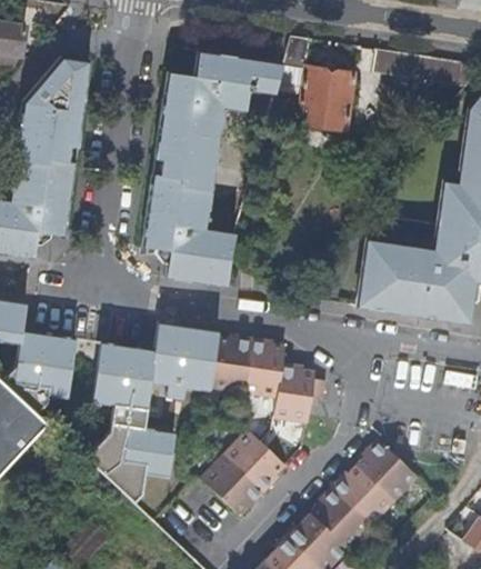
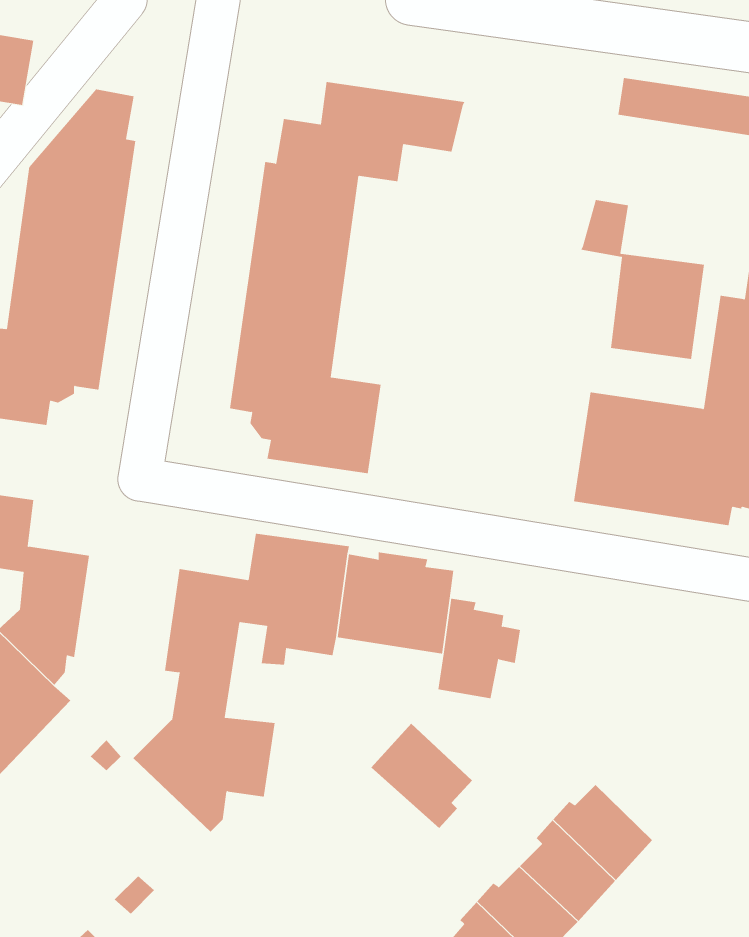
building: [283,37,358,132] -> [580,200,705,359]
building: [362,443,422,506] -> none
building: [206,462,269,520] -> none

